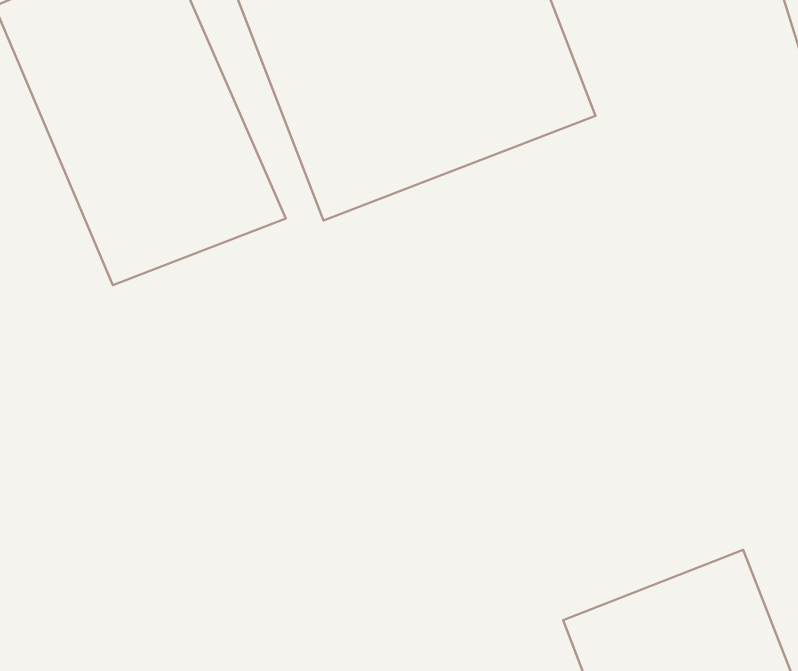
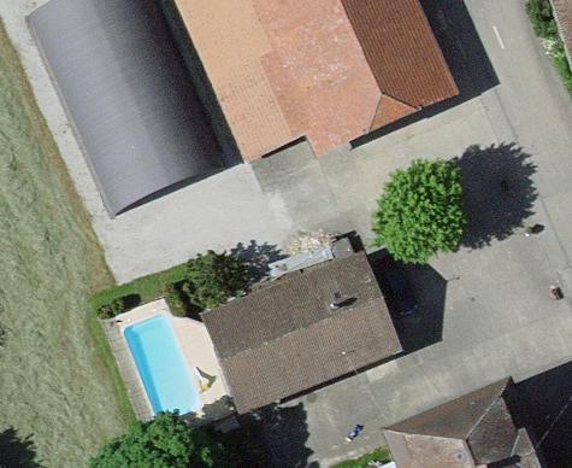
building: none -> [208,258,393,405]

